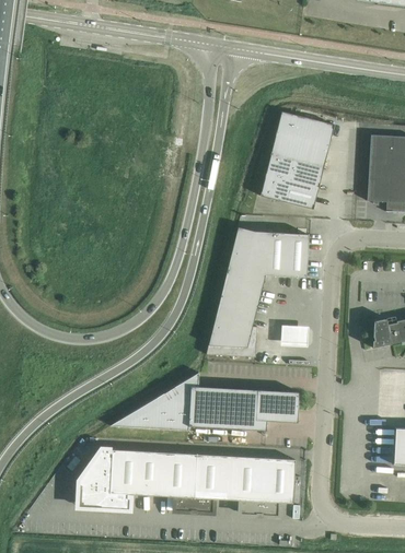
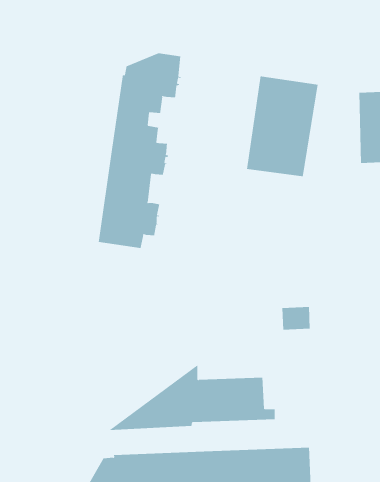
building: none -> [98,52,181,249]
building: [207,228,312,357] -> none
building: [257,389,299,421] -> none

